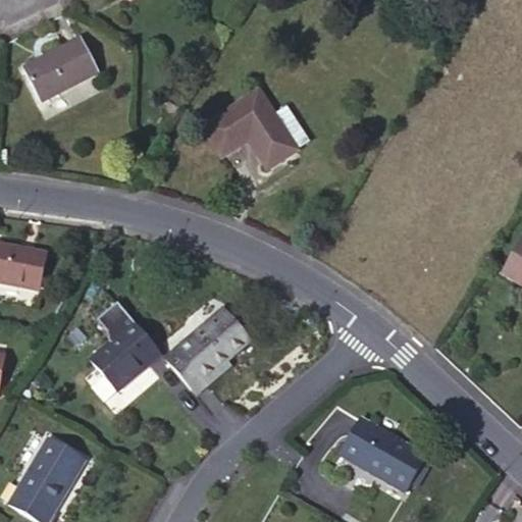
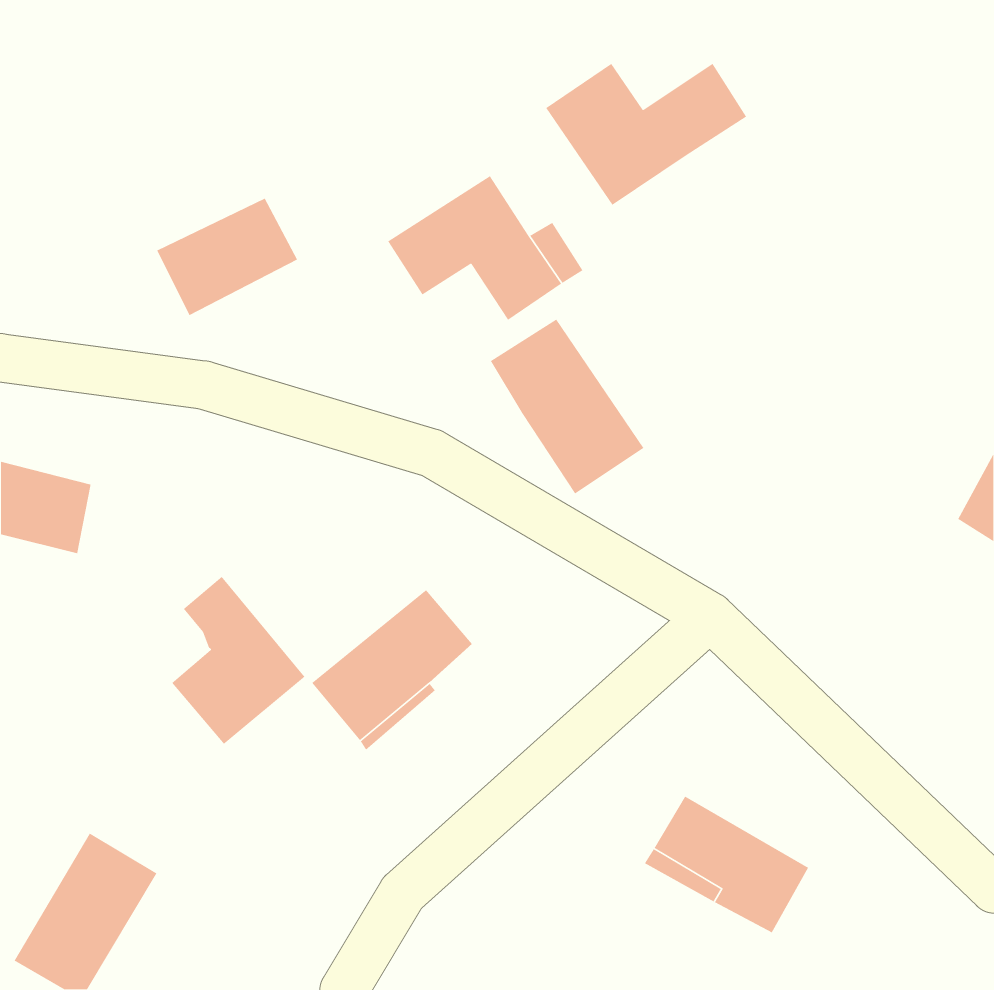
building: none -> [545,63,747,206]
building: [22,40,97,102] -> [156,198,298,316]
building: none -> [490,318,645,494]

